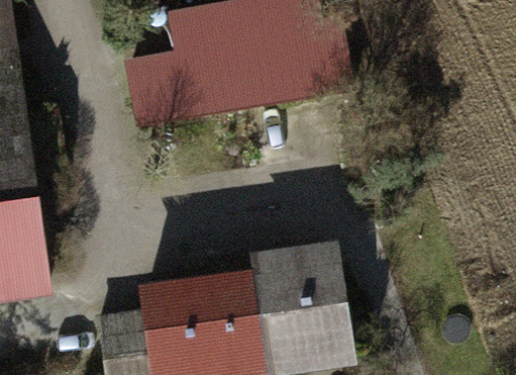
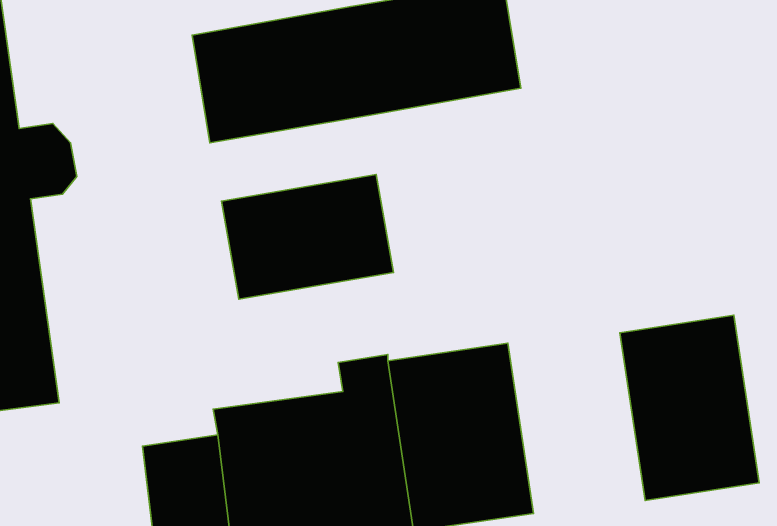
building: none -> [221,174,393,299]
building: none -> [620,315,759,500]

